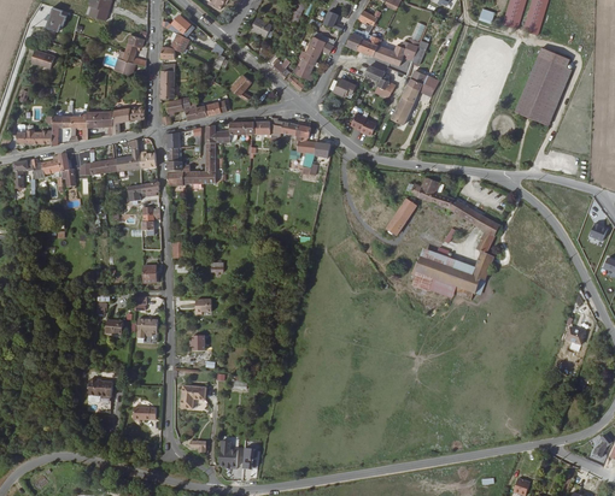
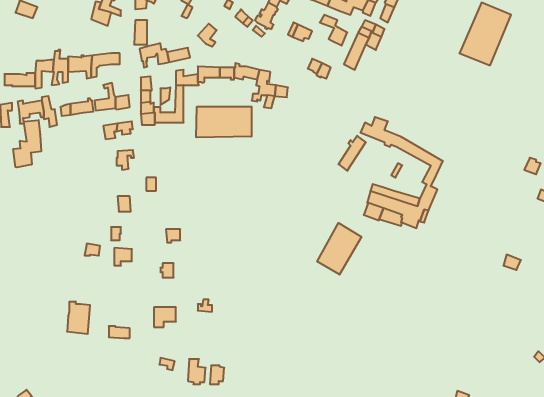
building: none -> [196,107,252,137]
building: none -> [13,120,41,167]
building: none -> [317,223,361,275]

